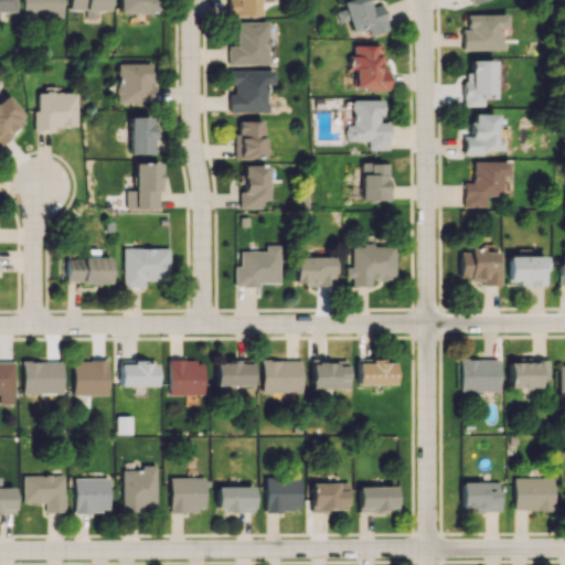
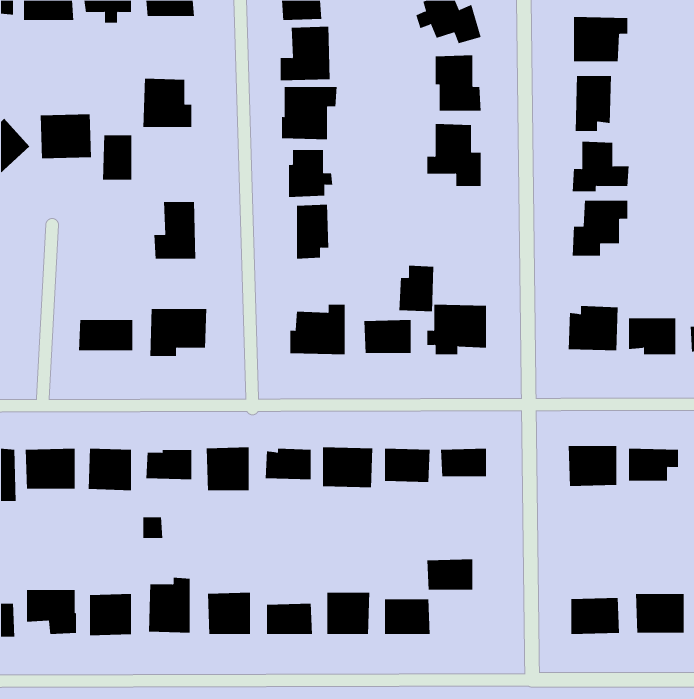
building: [132,118,157,154] -> [102,135,132,180]
building: [364,164,393,202] -> [399,265,434,312]
building: [361,487,398,512] -> [426,559,473,590]

